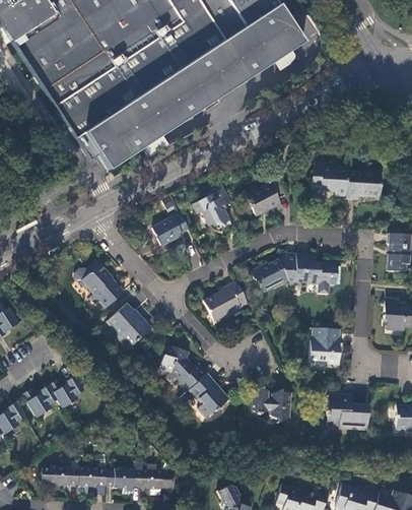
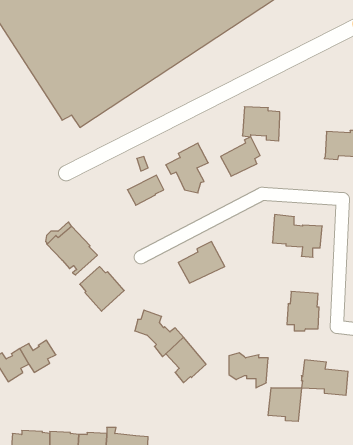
building: [313,164,349,197] -> [242,107,280,141]
building: [251,253,298,294] -> none
building: none -> [268,388,301,421]

